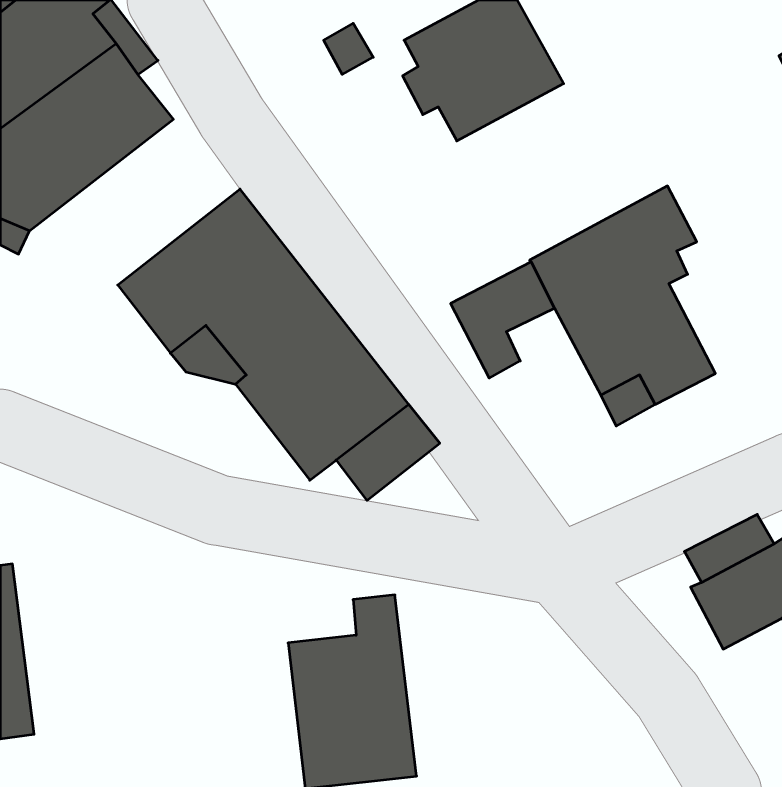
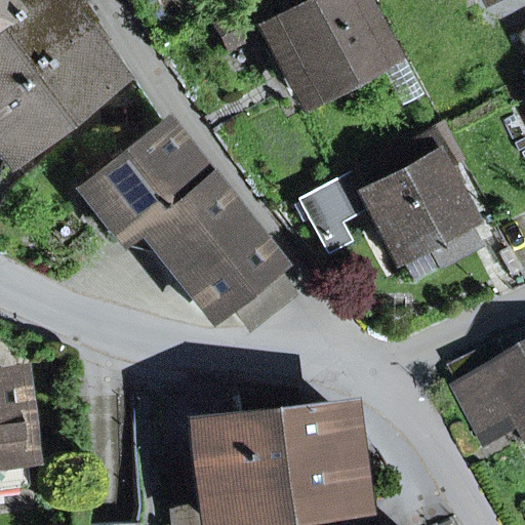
building: none -> [268,394,353,517]

